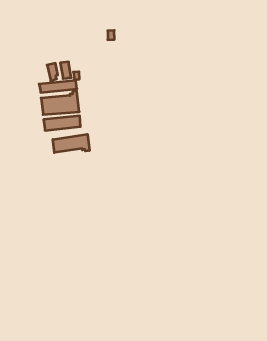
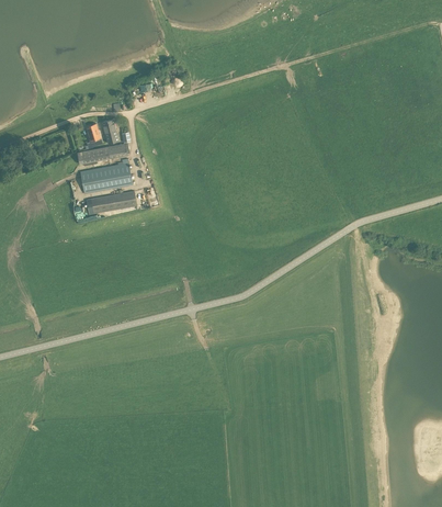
building: [53,134,89,153] -> none

